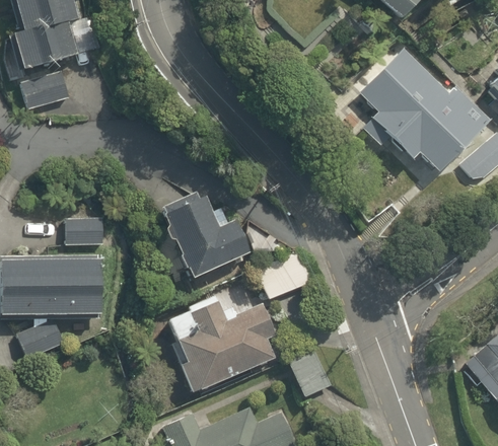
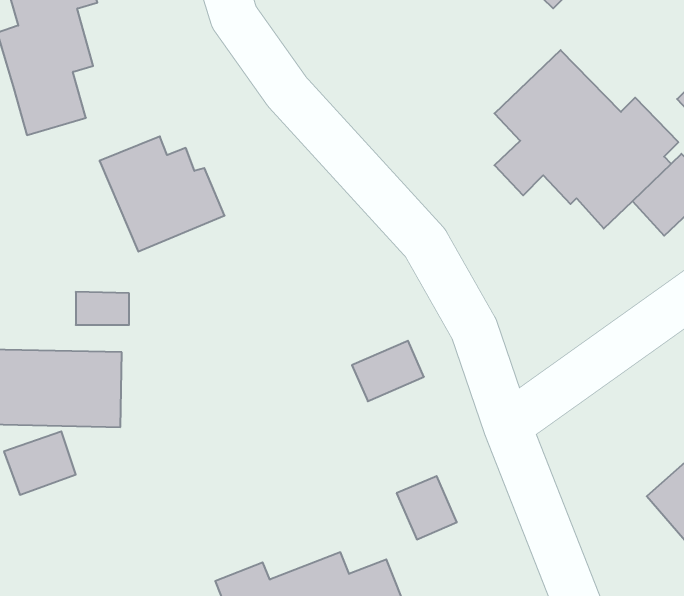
building: [162,197,251,278] -> [99,136,225,252]
building: [168,293,277,394] -> none

